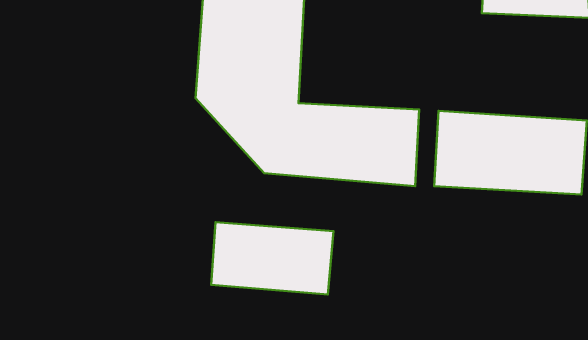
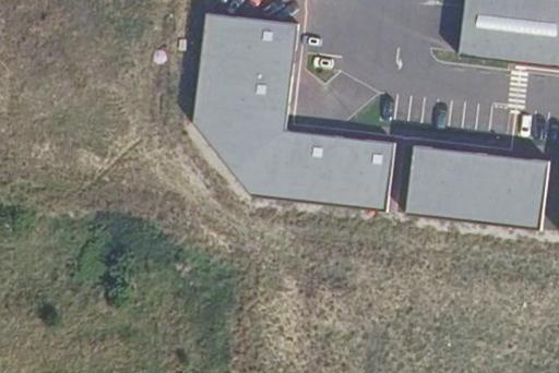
building: [211,222,333,295] -> none

